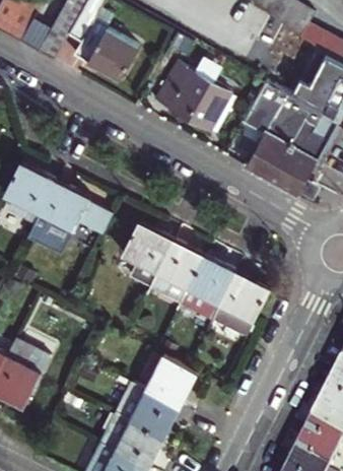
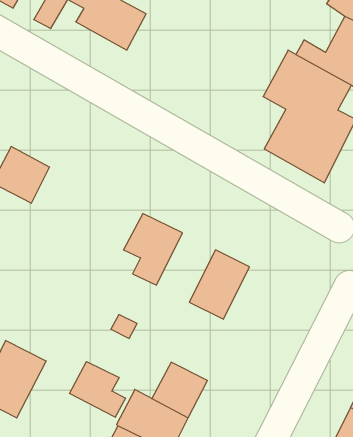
building: [158,61,232,129] -> none
building: [32,183,111,244] -> none
building: [149,242,202,304] -> none
building: [209,272,270,338] -> none
building: none -> [70,362,126,417]

